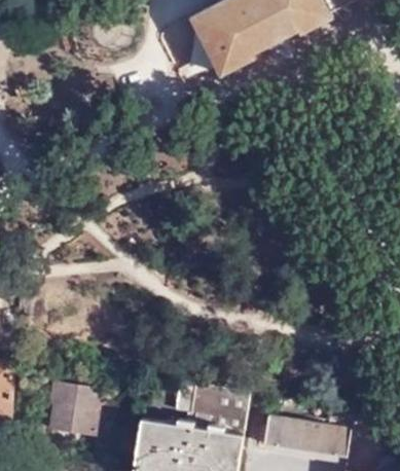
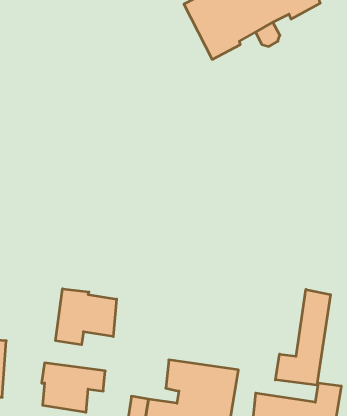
building: none -> [56,289,117,345]
building: none -> [275,289,331,385]

